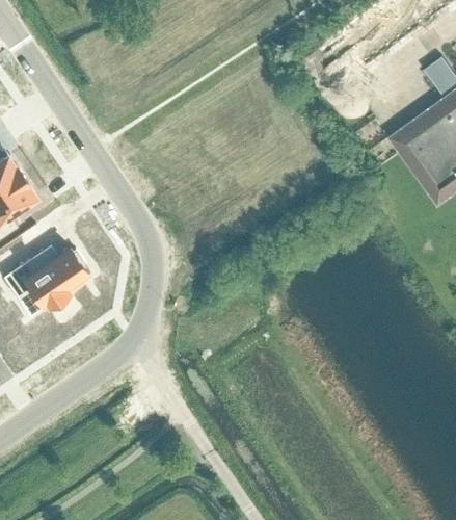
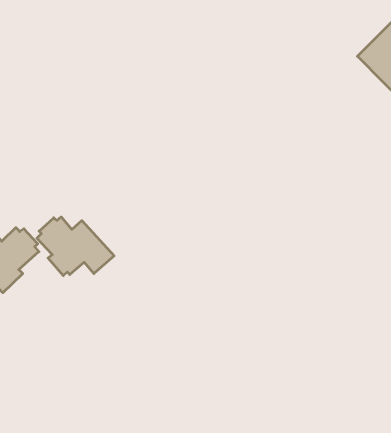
building: none -> [37,217,114,276]

